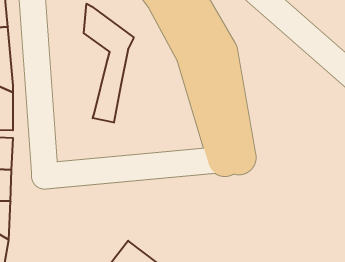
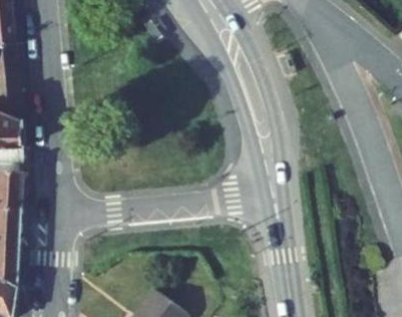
building: [84,4,134,123] -> none

